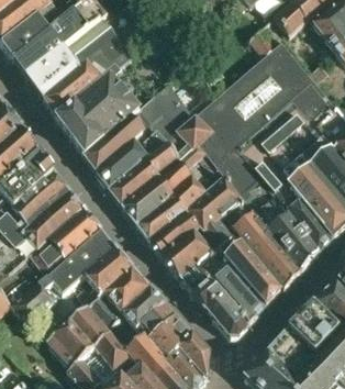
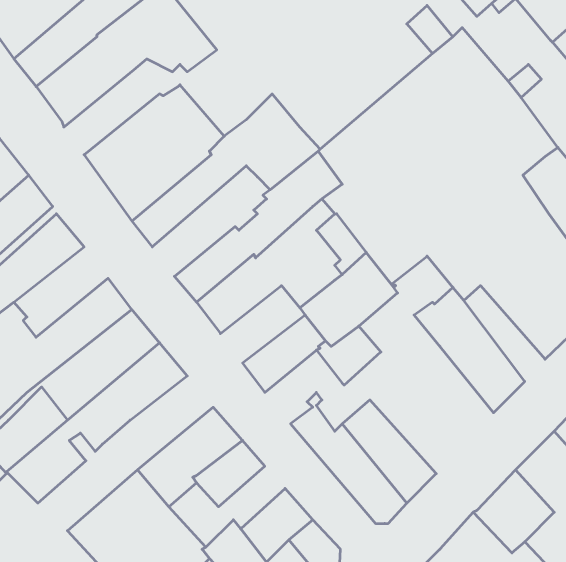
building: [44,59,118,116] -> none
building: [97,123,167,189] -> none
building: [14,171,70,225] -> none
building: [137,194,188,241] -> none
building: [282,194,331,252] -> none
building: [237,212,300,287] -> none
building: [164,233,210,277] -> none
building: [223,244,280,307] -> none
building: [84,248,133,293] -> none
building: [136,302,176,340] -> none

